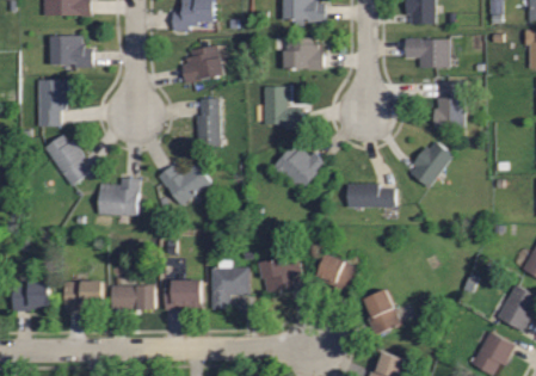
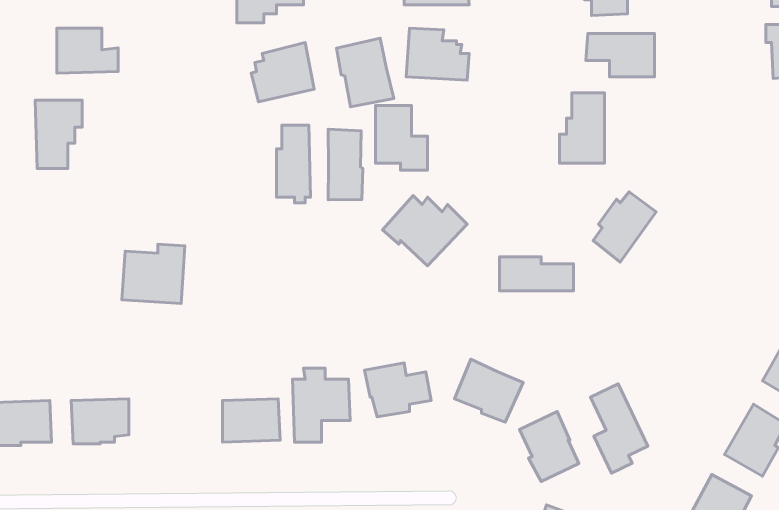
building: none -> [336,38,394,107]
building: [432,84,462,130] -> [559,93,604,163]
building: none -> [328,129,363,200]
building: [45,136,91,187] -> none
building: [158,164,210,207] -> none
building: none -> [590,384,648,473]
building: [111,285,154,310] -> none

